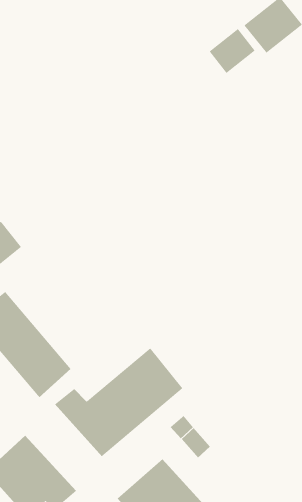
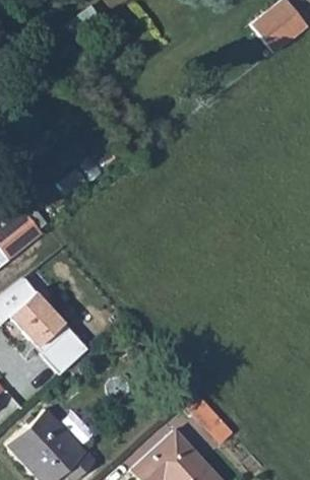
building: [209,28,256,74] -> none
building: [54,347,183,457] -> none

